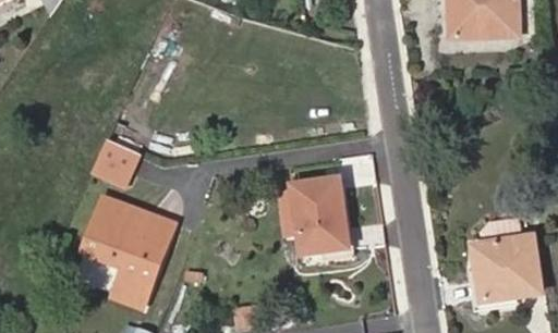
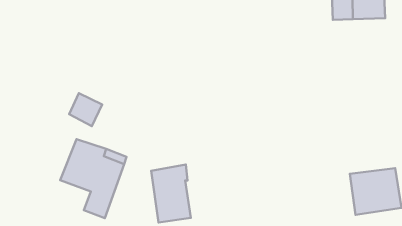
building: [292,176,345,255] -> [151,164,191,223]

